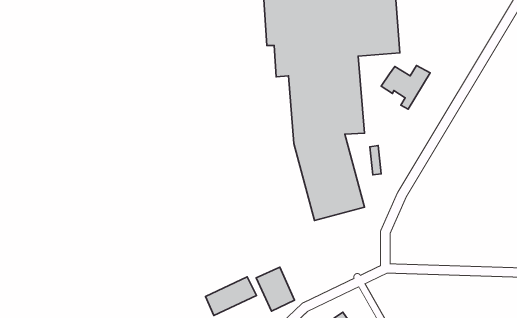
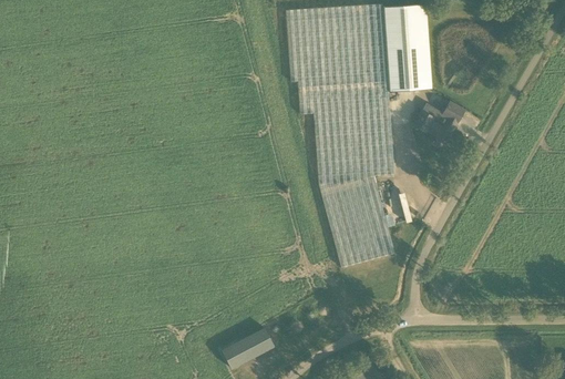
building: [256,267,295,311] -> none

